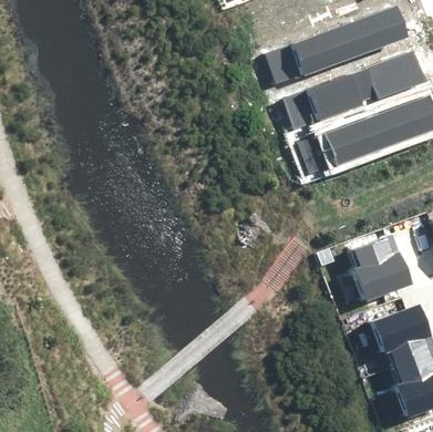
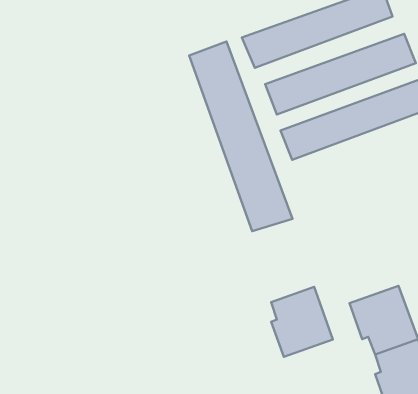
building: none -> [189,42,292,231]
building: [347,228,405,295] -> [271,287,333,357]

